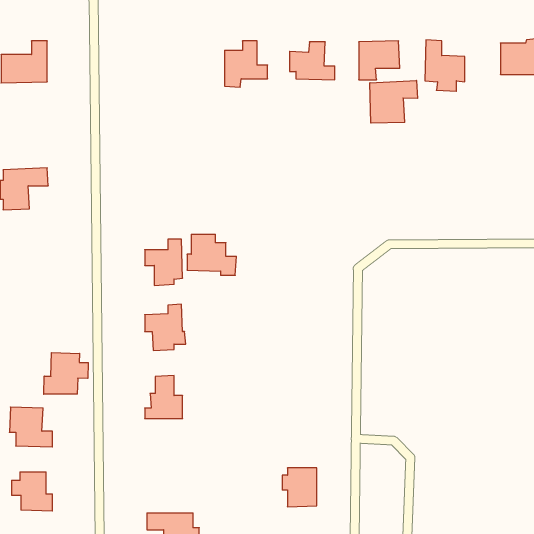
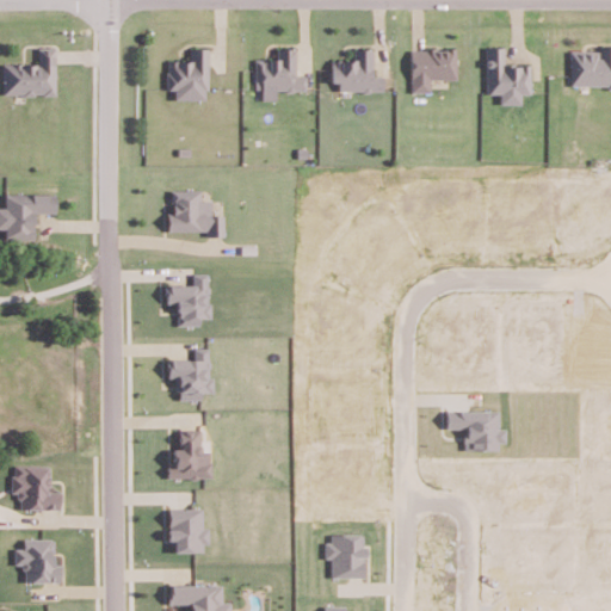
building: none -> [167,49,209,100]
building: [370,80,417,123] -> none
building: [187,234,236,275] -> [168,191,224,237]
building: [44,353,88,394] -> none
building: none -> [445,411,506,451]
building: none -> [168,508,208,554]

